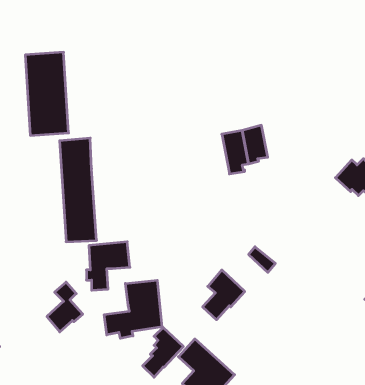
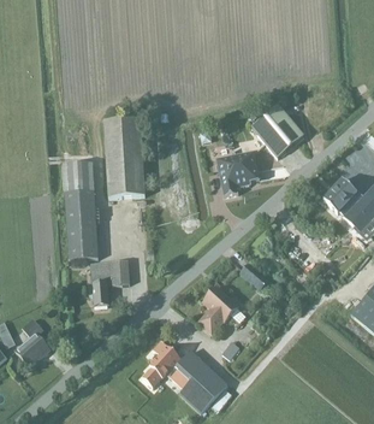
building: [25,52,69,135] -> [105,118,146,196]
building: none -> [251,104,304,158]
building: [104,280,162,338] -> none
building: [47,282,83,332] -> [16,318,49,365]

